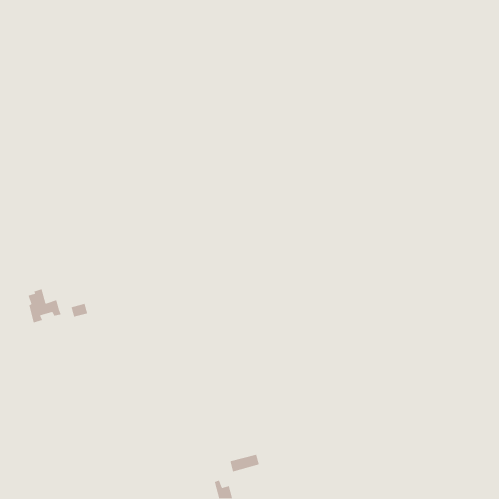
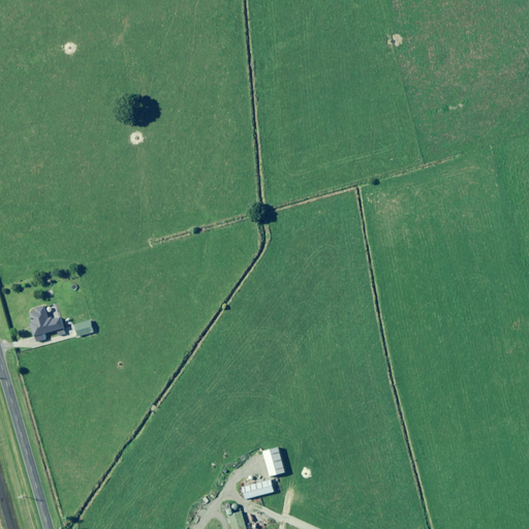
building: none -> [262,446,284,475]

